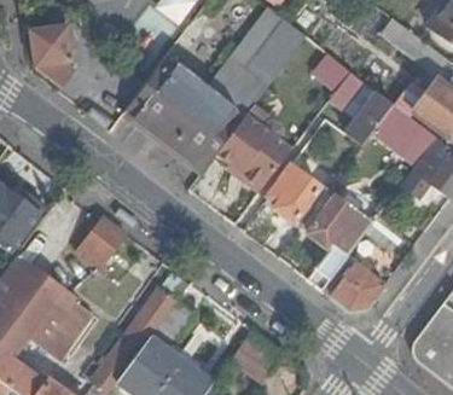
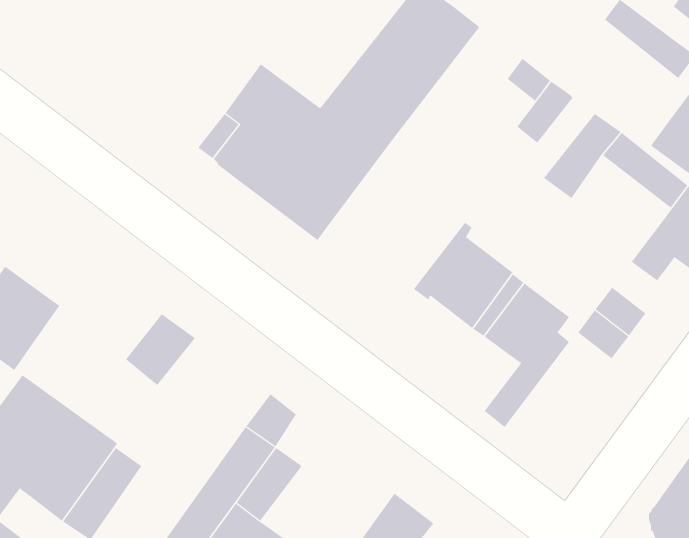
building: [29,25,74,87] -> none
building: [216,105,291,193] -> none
building: [321,255,385,309] -> none

